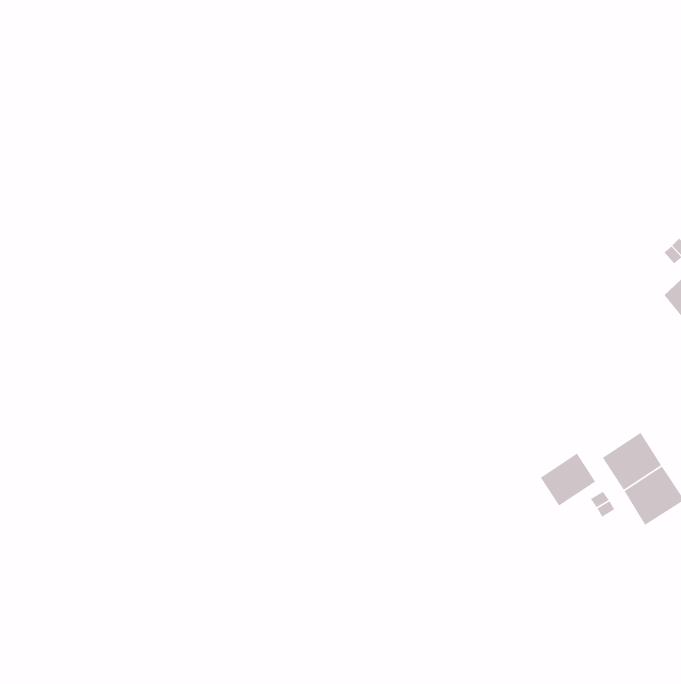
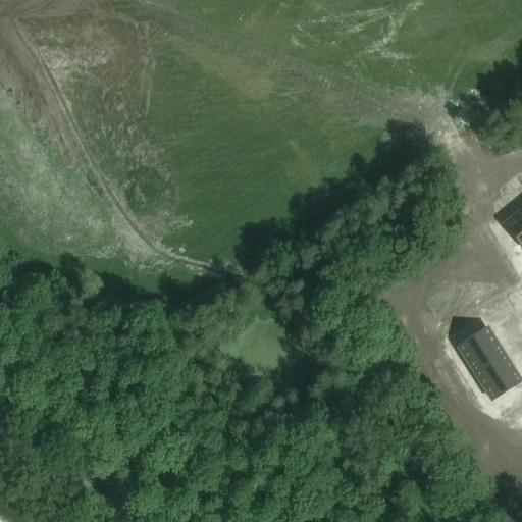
building: [540,453,596,507] -> none

